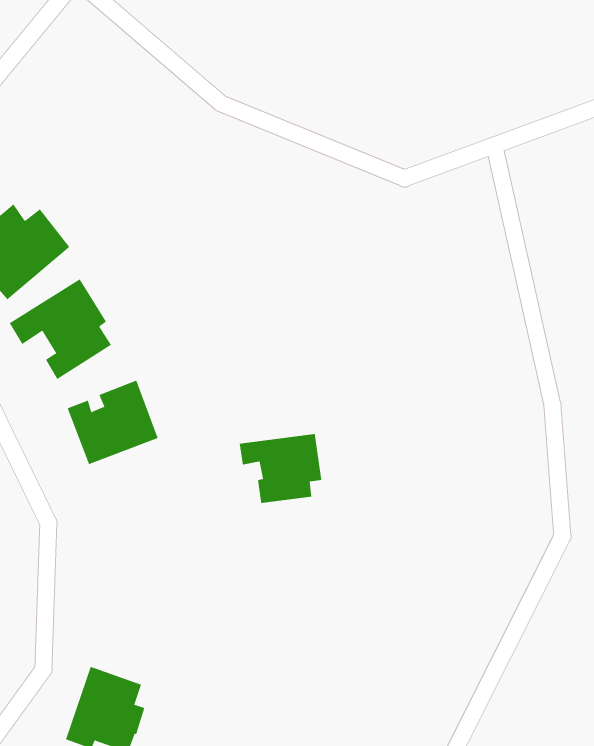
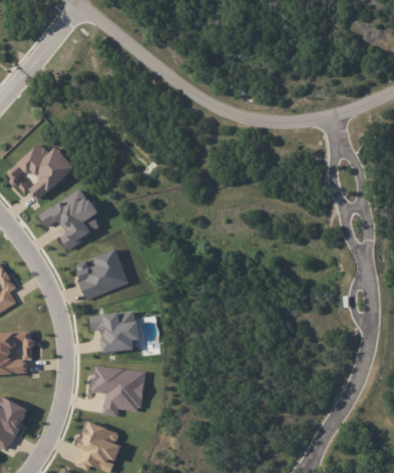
building: [239,434,322,504] -> [89,311,139,353]
building: none -> [92,366,145,416]

